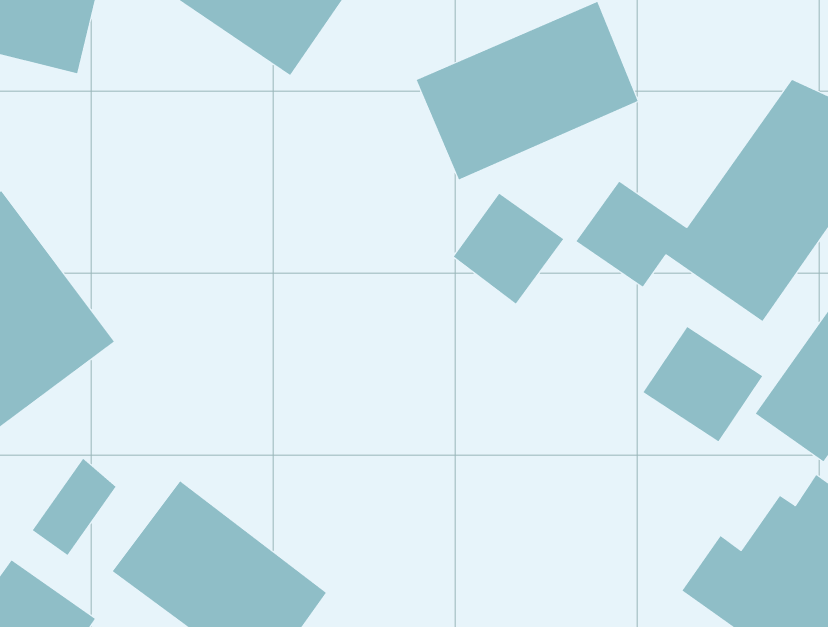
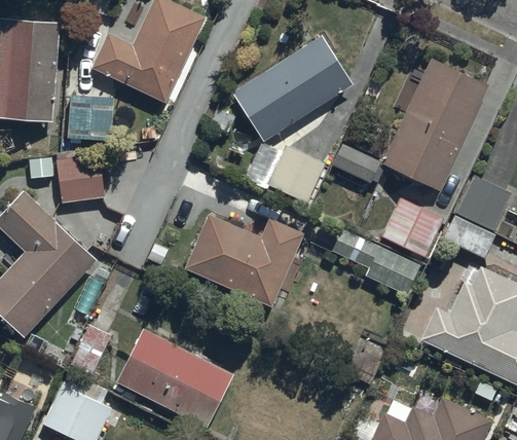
building: none -> [67,97,112,144]
building: none -> [56,154,106,205]
building: none -> [183,214,303,308]
building: none -> [332,230,419,295]

